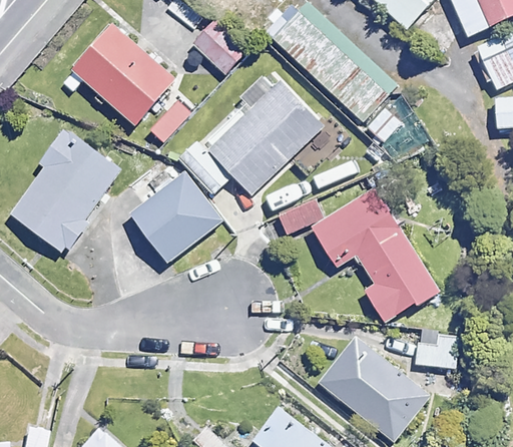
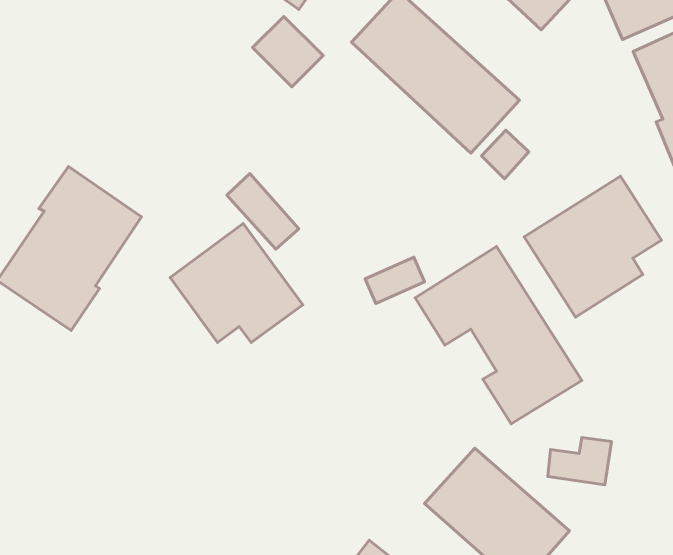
building: [70,22,174,124] -> none
building: [199,81,323,193] -> none
building: none -> [524,176,661,317]

